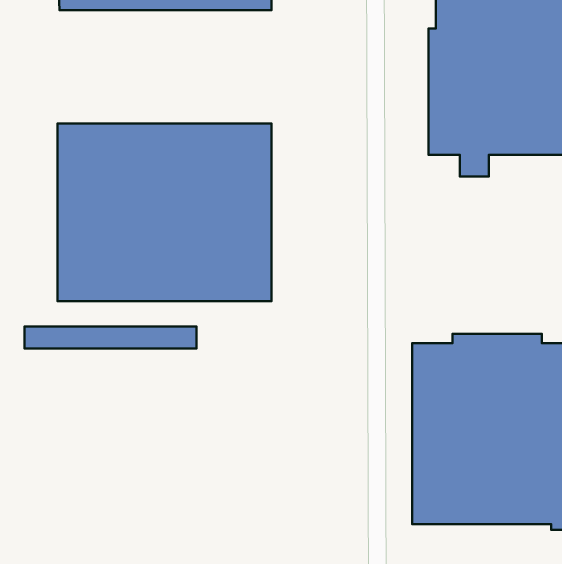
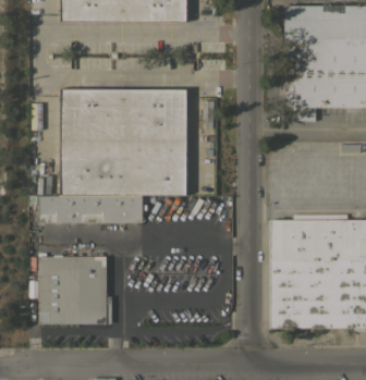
building: none -> [40,194,144,209]
building: none -> [40,254,113,323]

